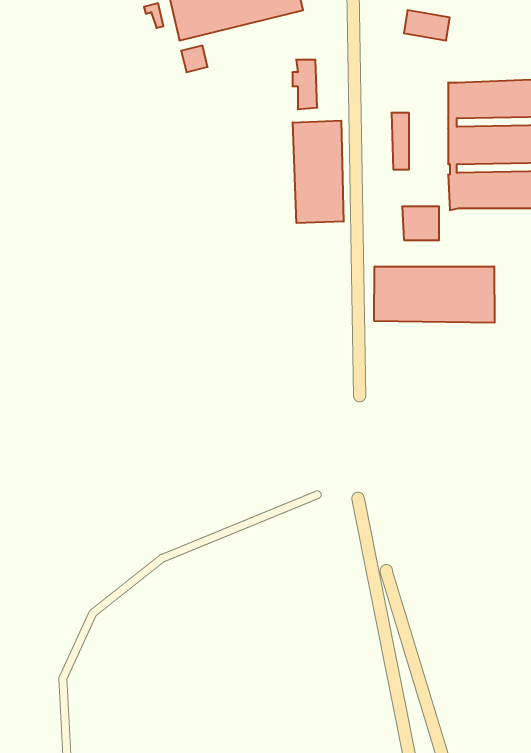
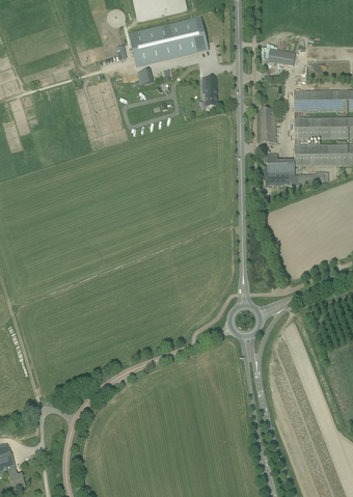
building: [293,121,344,223] -> none
building: [374,266,494,323] -> none

